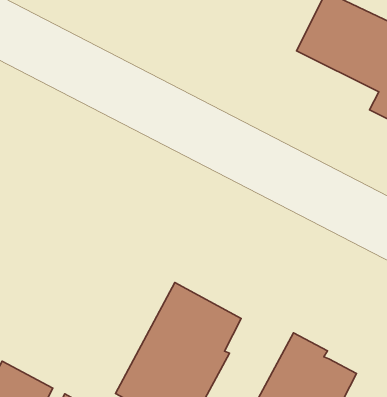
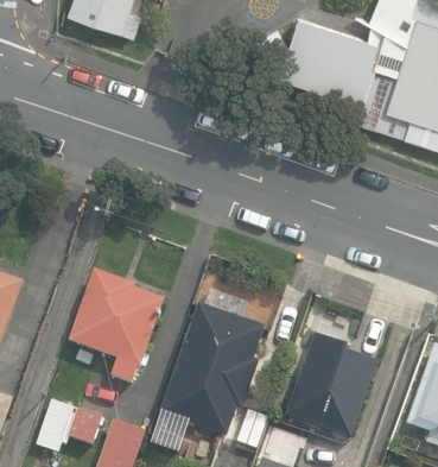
building: none -> [68,270,164,383]

